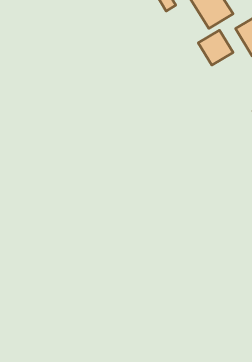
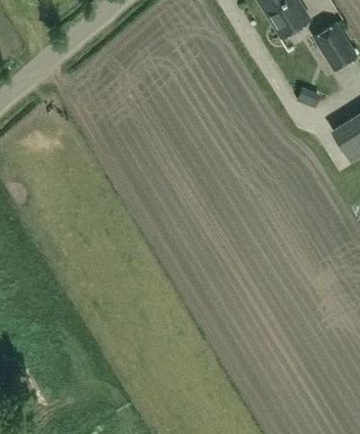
building: [198,30,233,65] -> none

